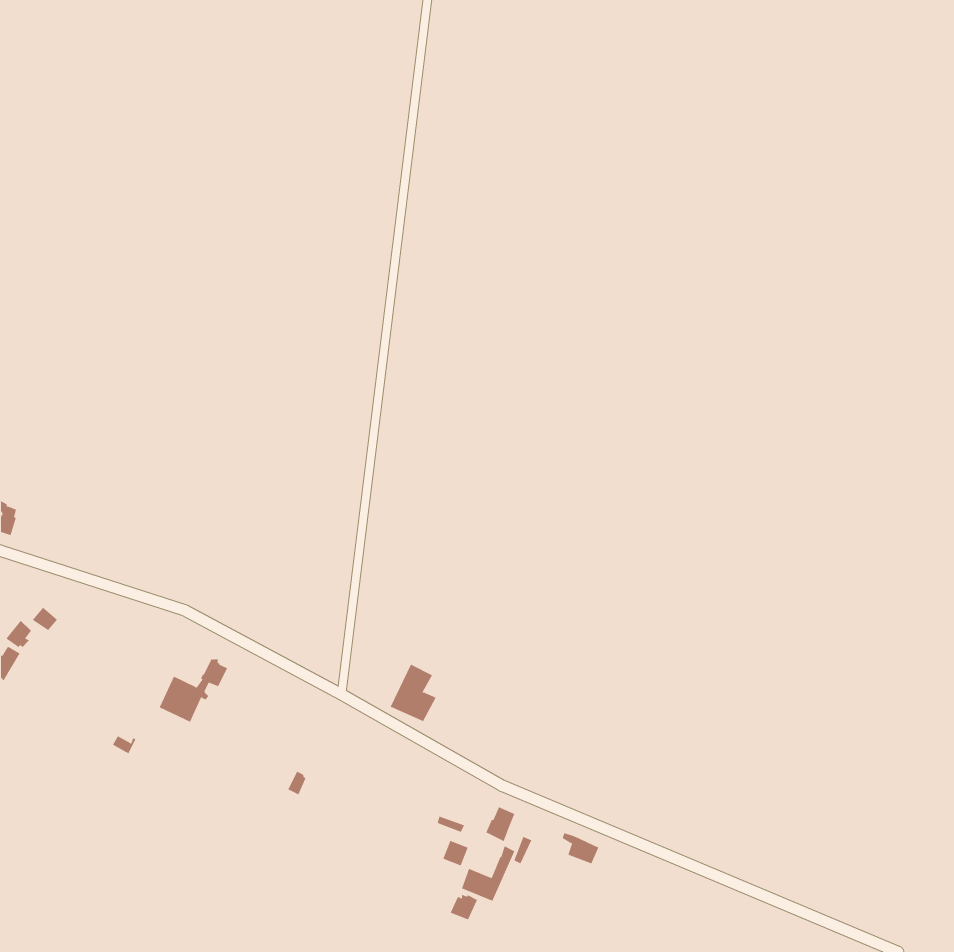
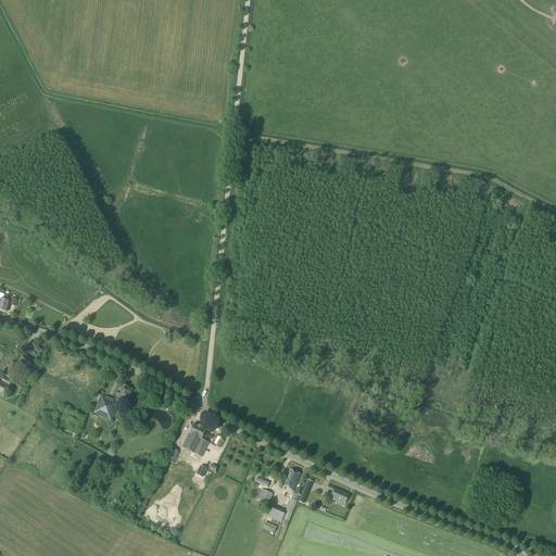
building: [390,664,437,722] -> [181,422,208,456]

